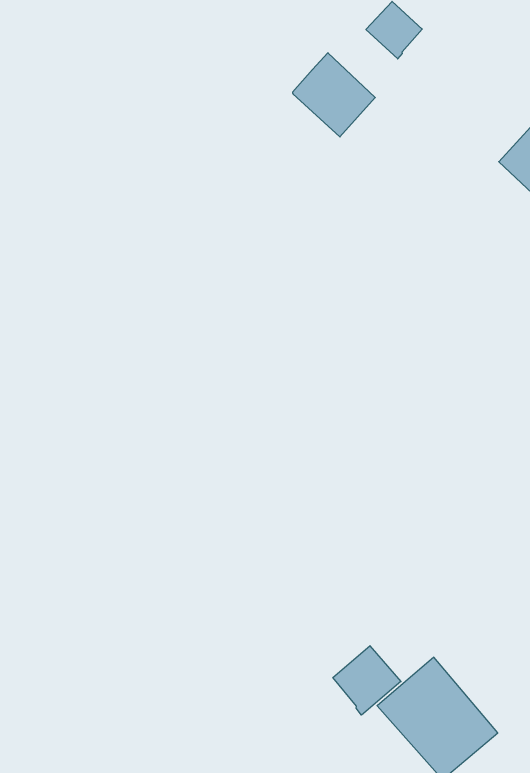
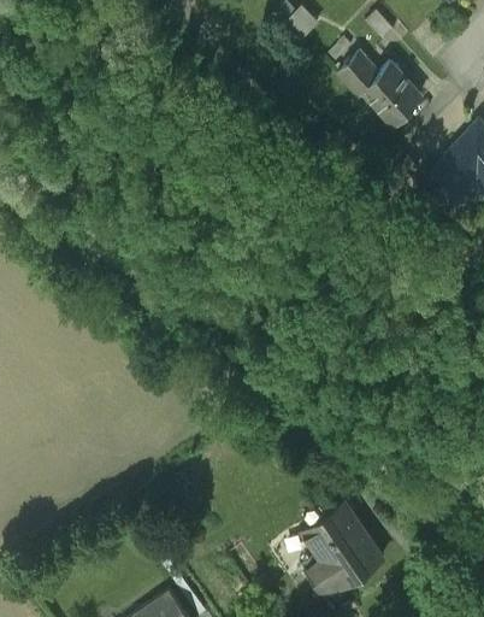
building: [293,53,375,137] -> [364,58,421,118]
building: [333,646,401,715] -> none

